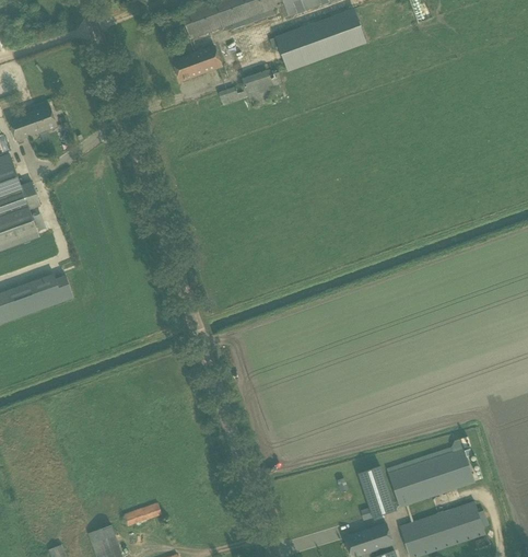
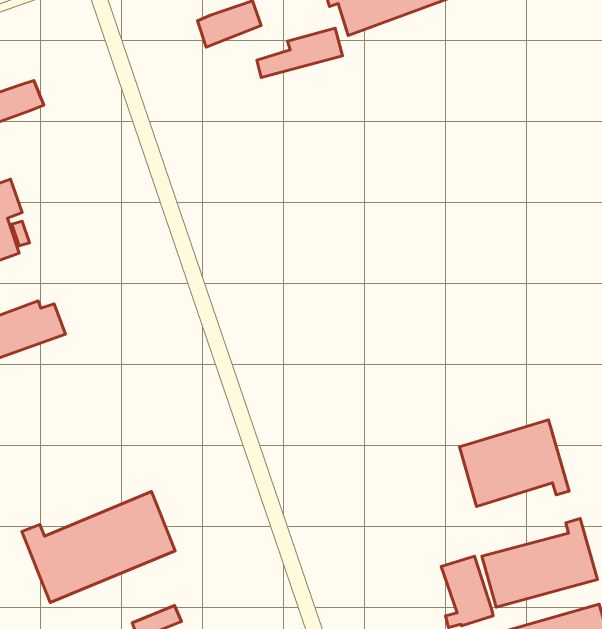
building: none -> [459,420,569,507]
building: none -> [22,492,175,603]

